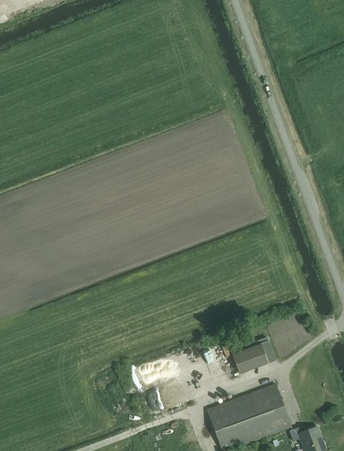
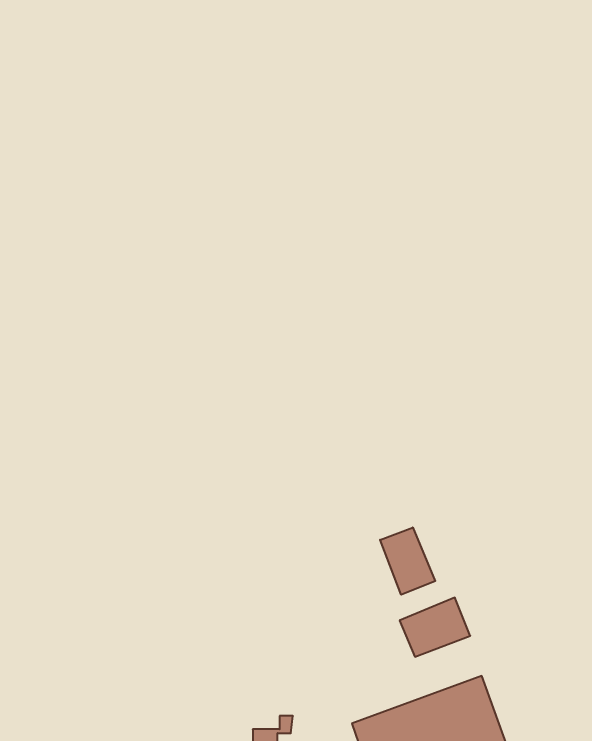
building: none -> [380,527,435,595]

